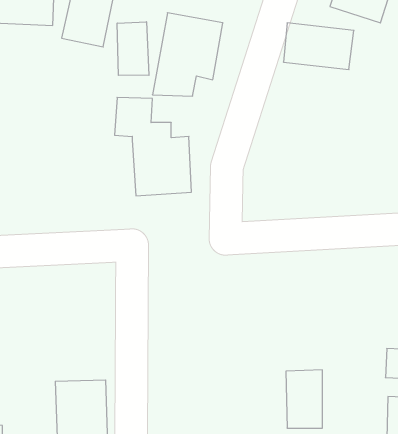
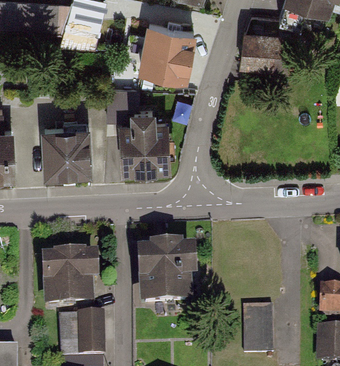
building: [117,22,149,75] -> none
building: none -> [45,126,90,170]
building: none -> [143,248,194,301]
building: none -> [48,255,96,301]

